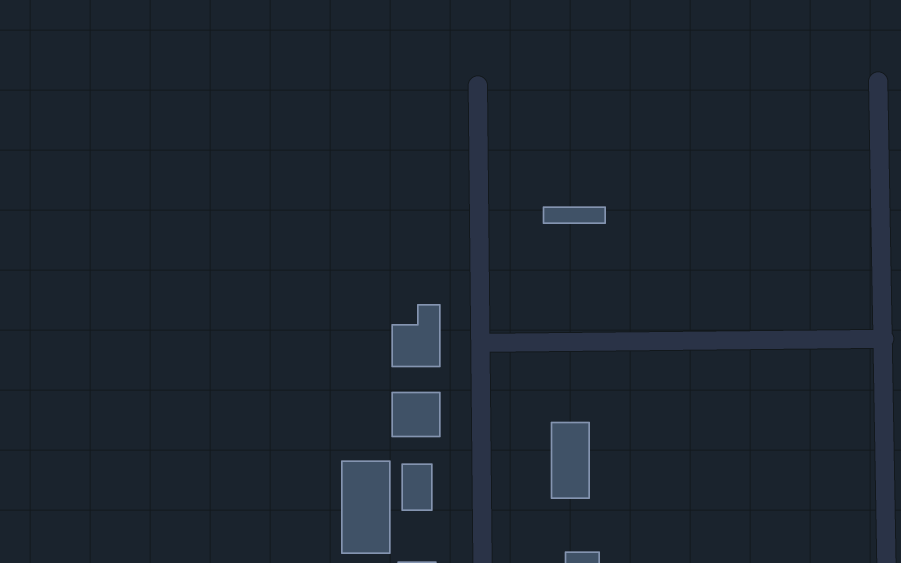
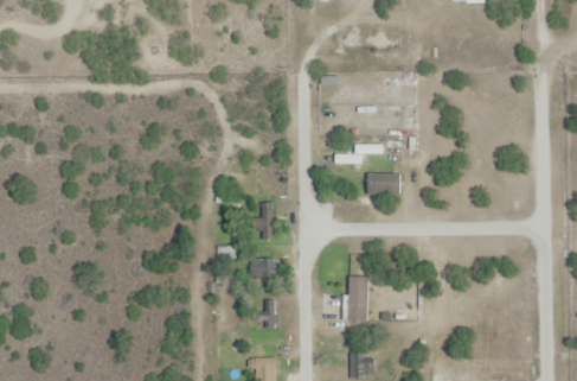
building: none -> [366,172,398,195]
building: [342,461,390,553] -> none

